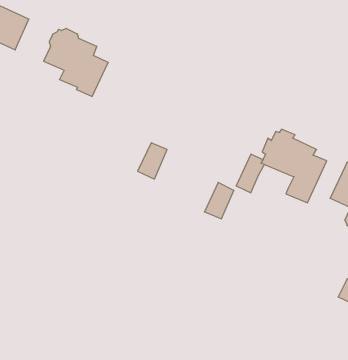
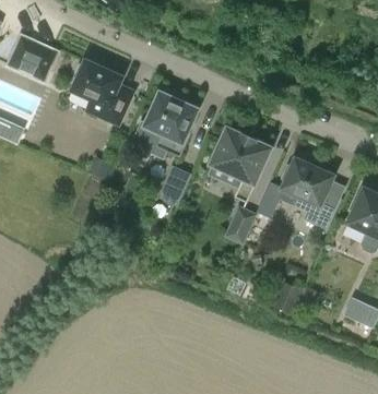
building: none -> [144,92,194,157]
building: none -> [205,129,270,203]

